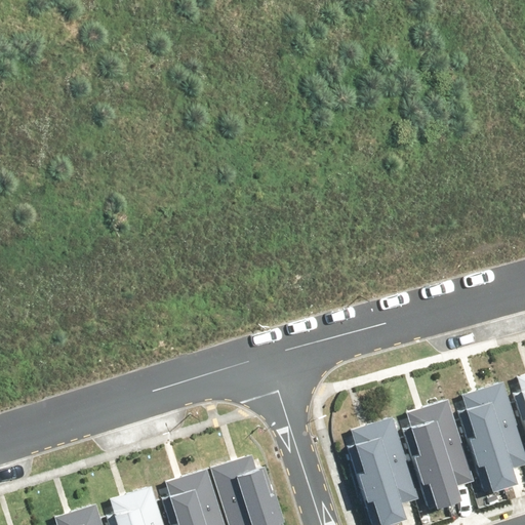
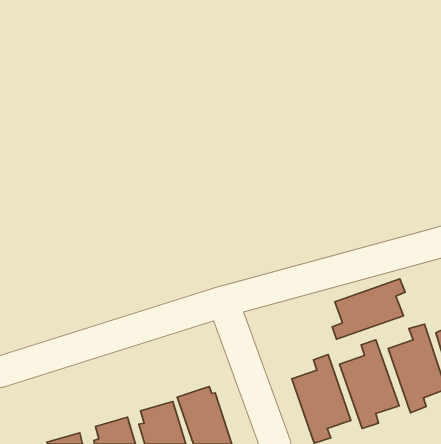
building: none -> [332,279,405,339]

